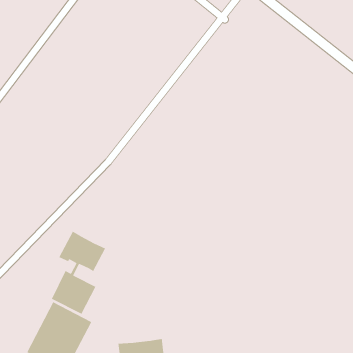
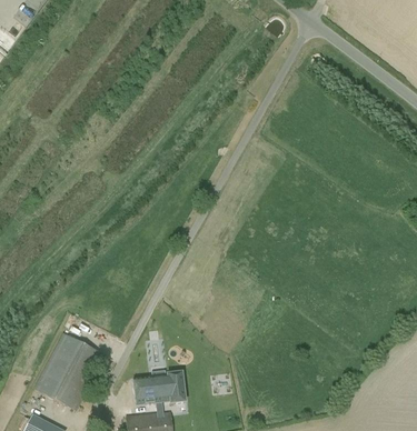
building: [51,230,106,315] -> none

